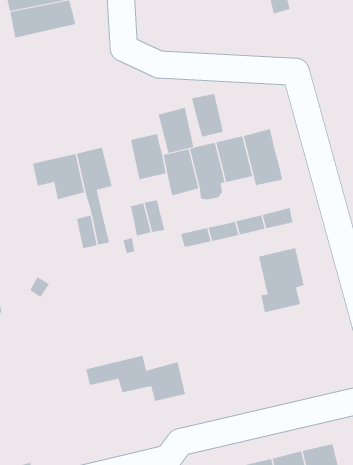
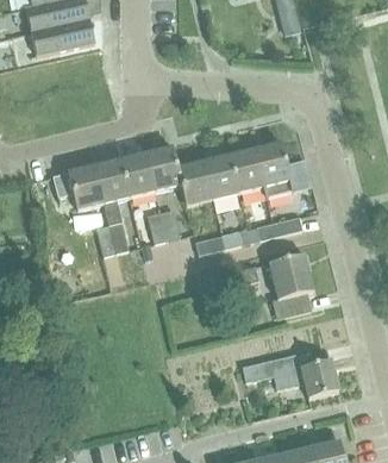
building: [191,93,223,137] -> none
building: [158,107,194,154] -> [121,152,156,196]
building: [85,355,186,402] -> [243,353,338,398]

